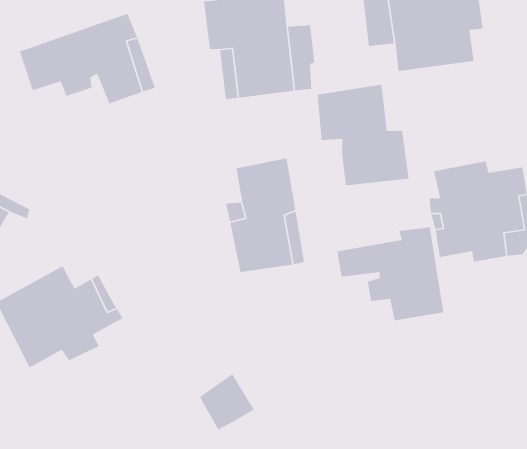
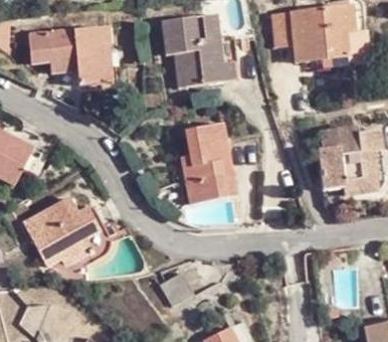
building: [317,84,410,186] -> none
building: [337,227,444,321] -> none

